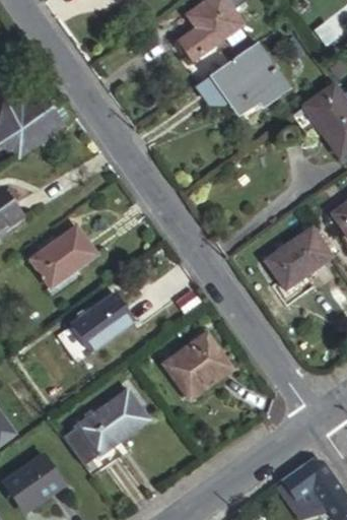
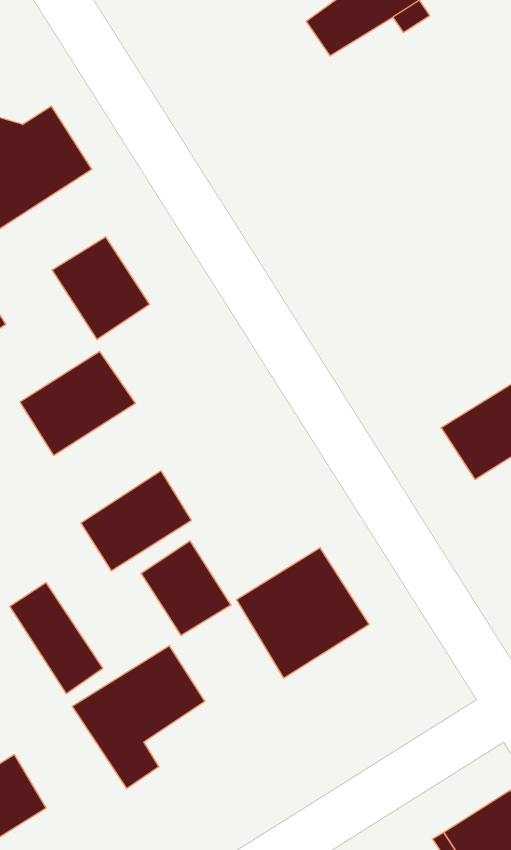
building: [211,41,290,119] -> none
building: none -> [52,237,150,340]
building: none -> [141,541,231,636]
building: none -> [10,582,103,694]

